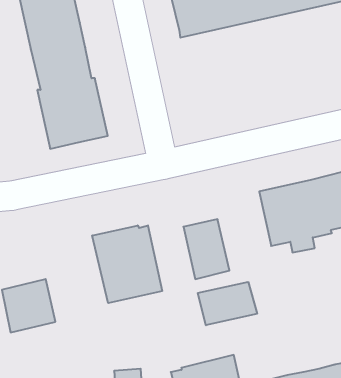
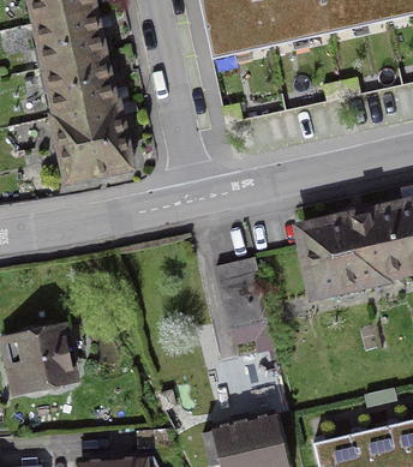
building: [92,225,162,303] -> none
building: [198,282,257,325] -> none

